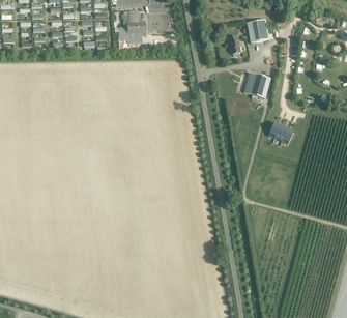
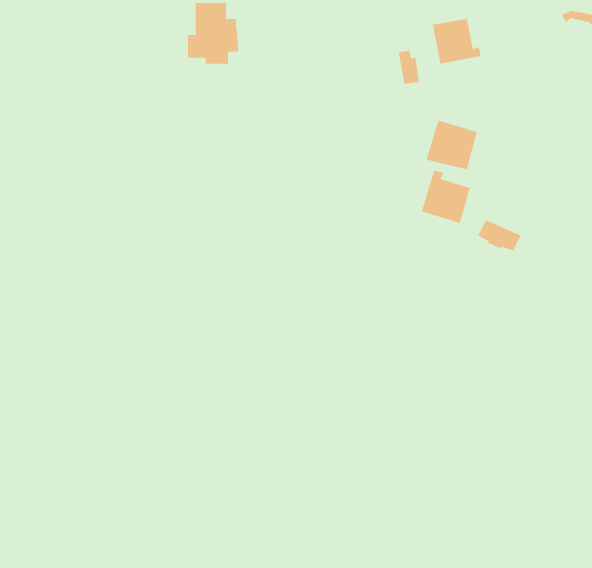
building: none -> [421,169,470,224]

